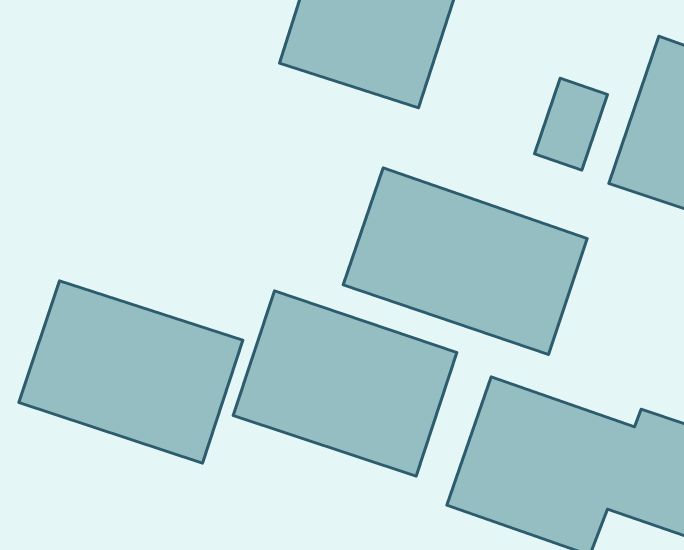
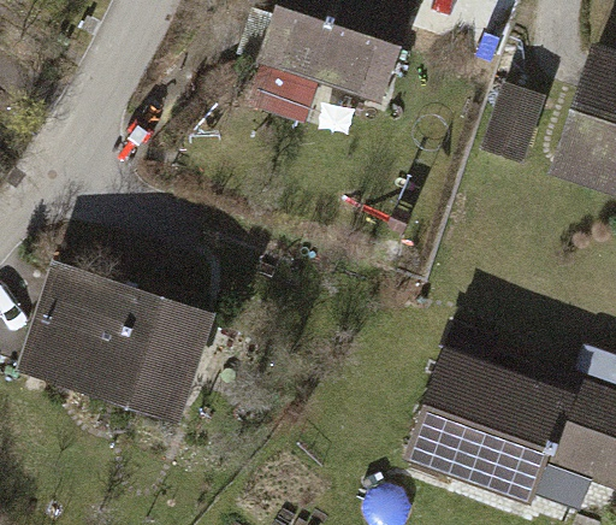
building: [343,168,587,354] -> none
building: [233,291,457,476] -> none

